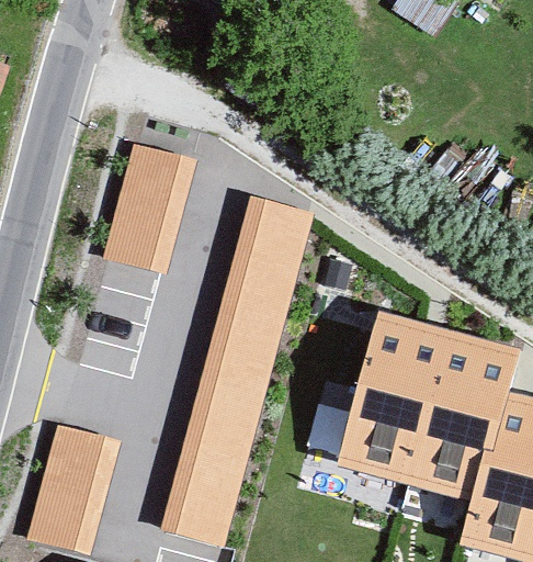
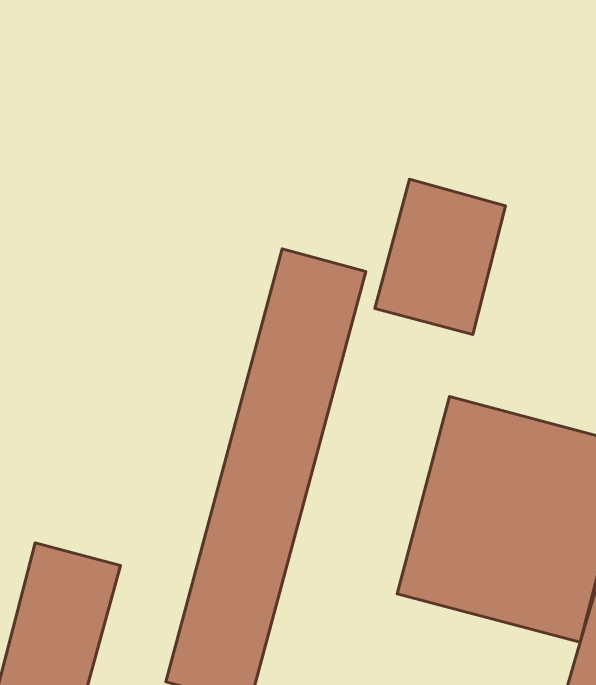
building: [102,143,200,278] -> none
building: none -> [375,179,505,335]

